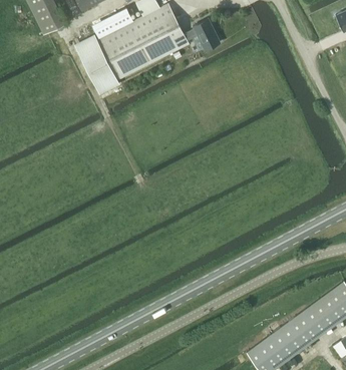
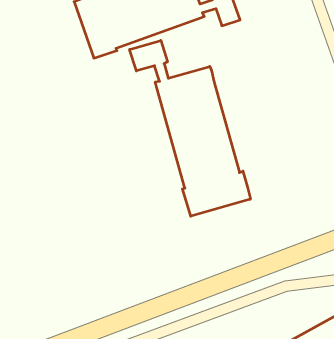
building: none -> [130,40,250,216]

